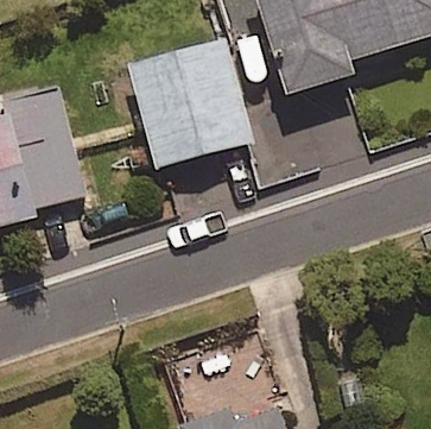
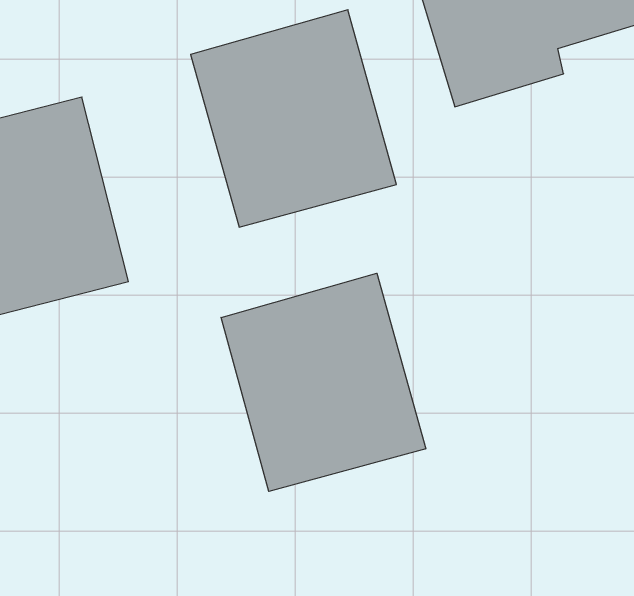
building: none -> [221,273,426,491]

